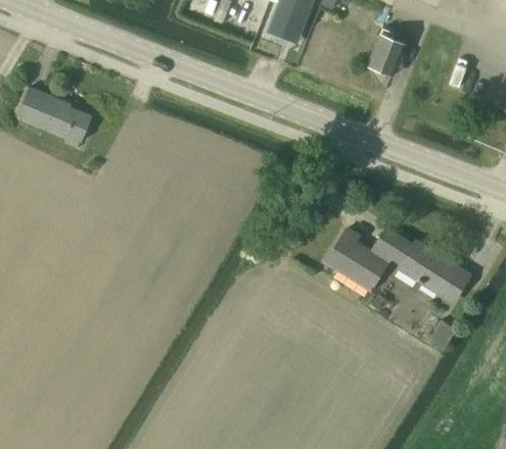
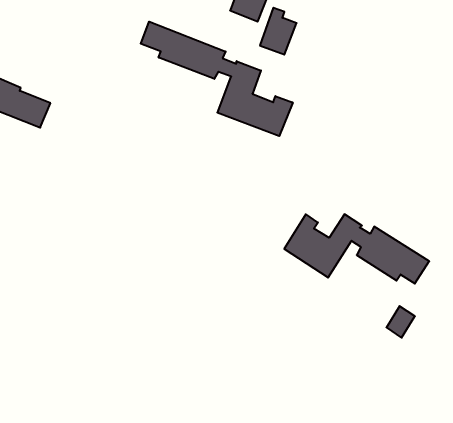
building: [368,28,405,74] -> [260,8,297,55]
building: none -> [141,22,293,136]

